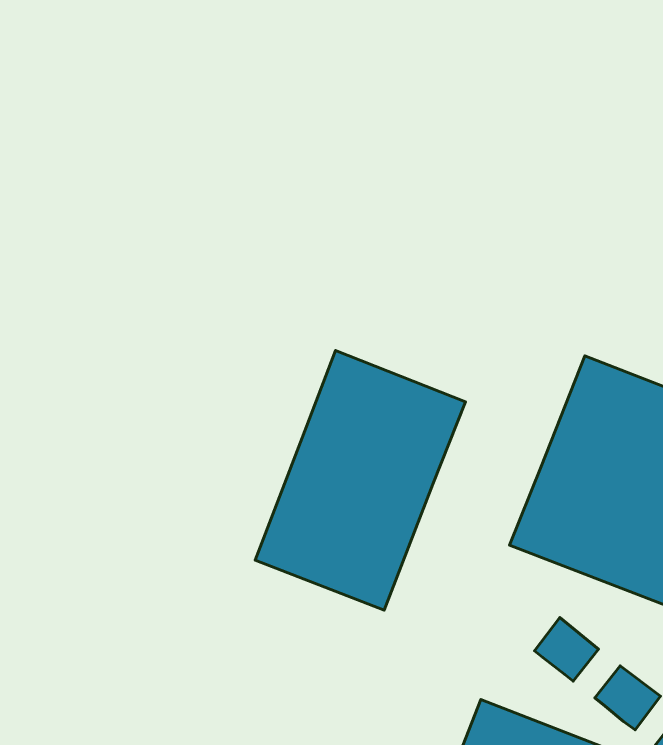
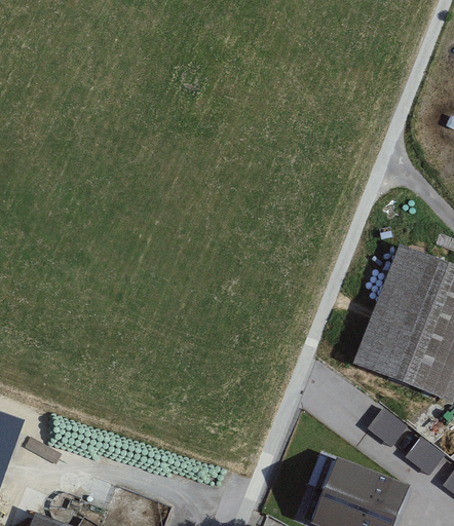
building: [255,350,466,610] -> none

